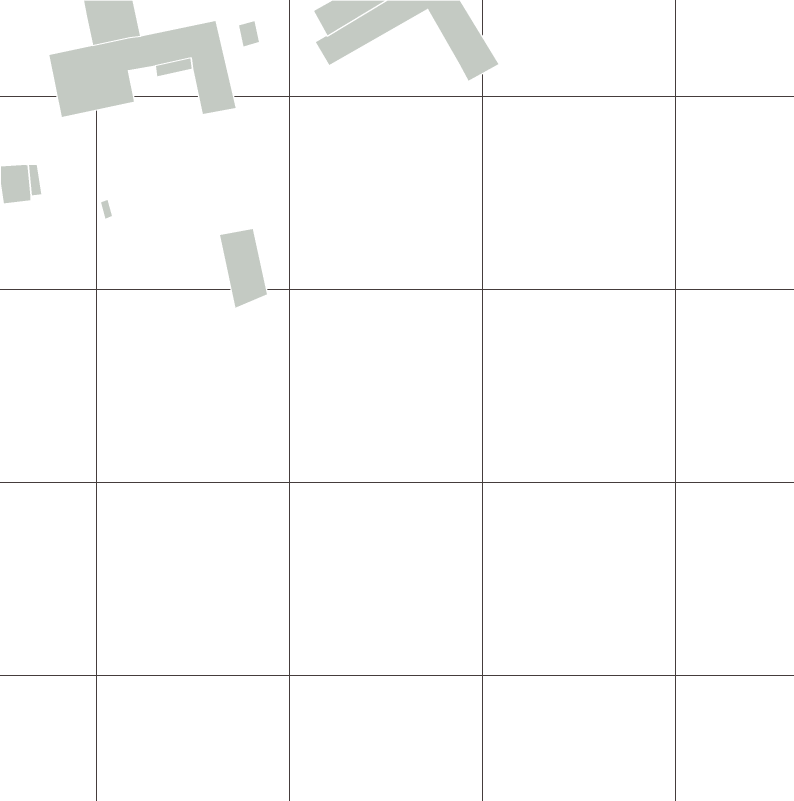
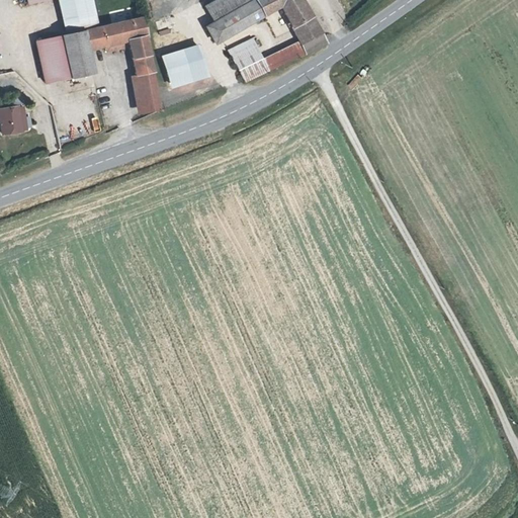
building: none -> [230,38,307,82]
building: none -> [165,52,205,79]
building: [219,229,268,309] -> [135,70,166,121]

